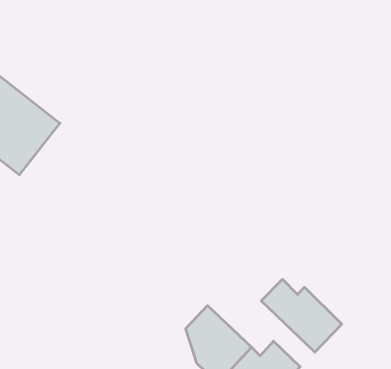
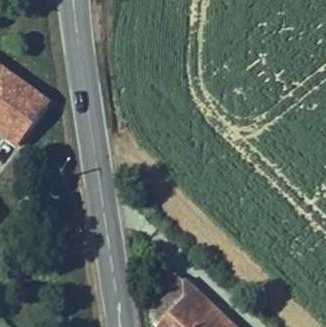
building: [261,279,342,352] -> none

